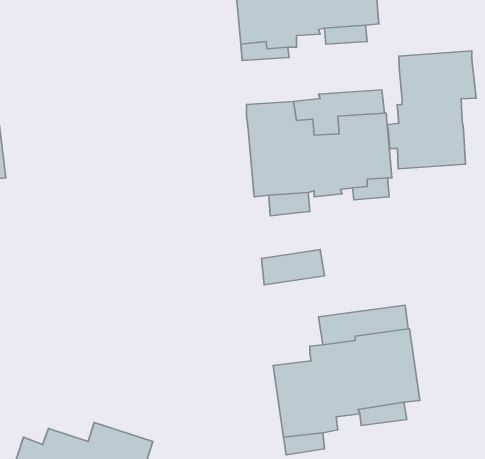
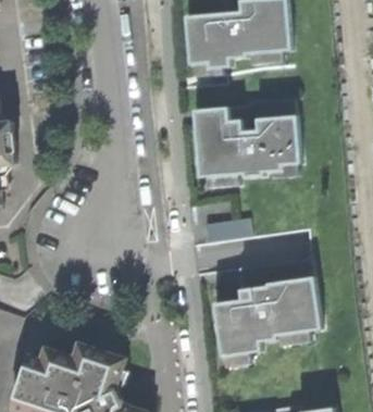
building: [387,51,476,169] -> none

